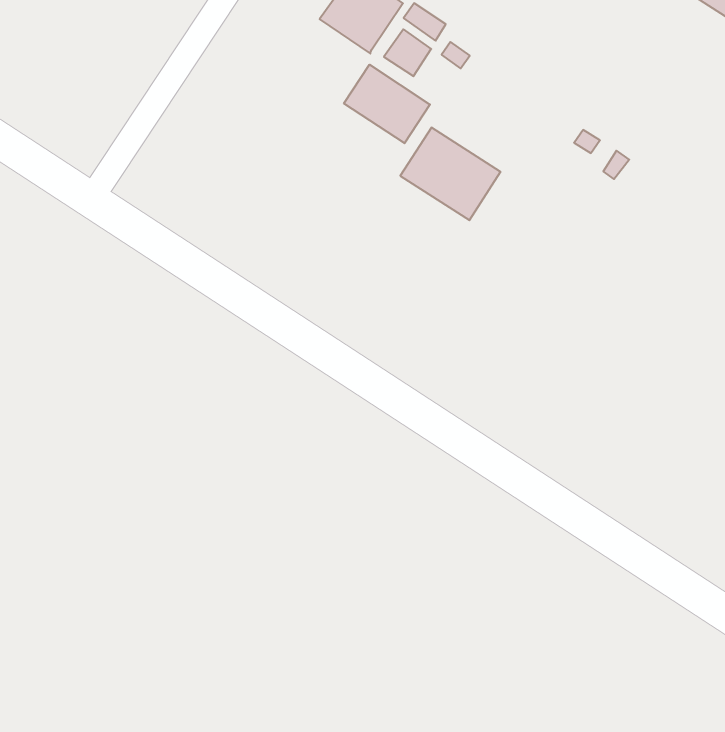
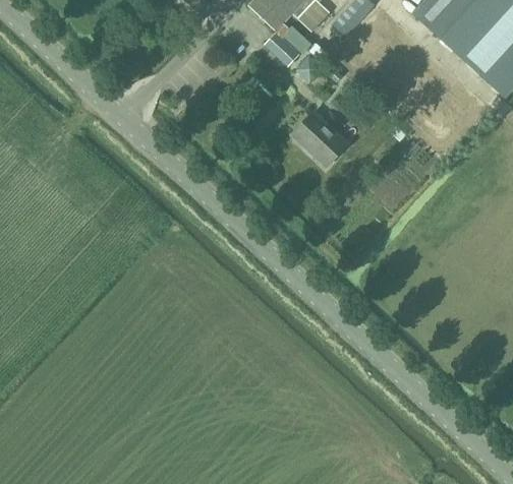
building: [344,65,430,143] -> none

